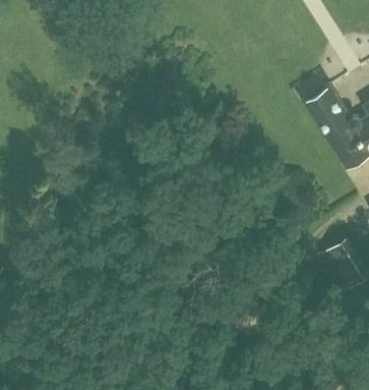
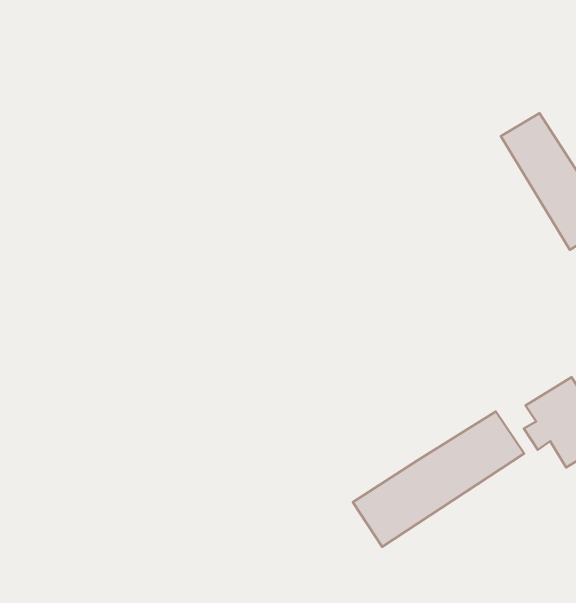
building: none -> [353,411,524,547]

